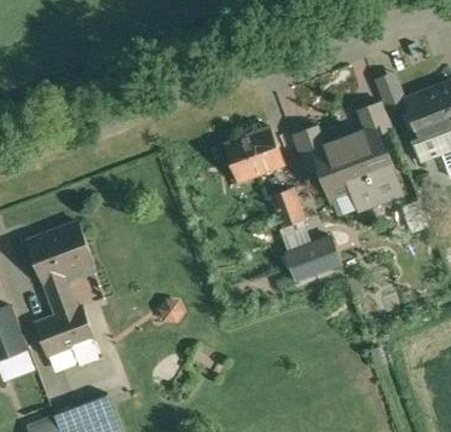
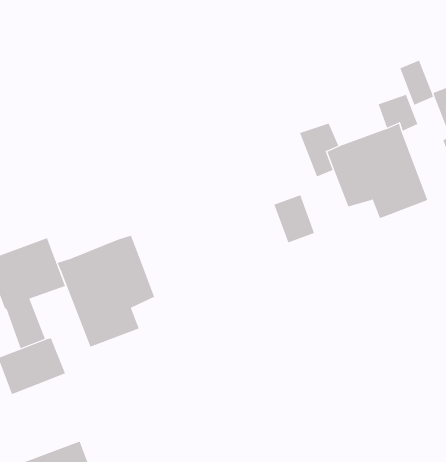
building: [224,127,284,183] -> none
building: none -> [57,235,155,348]
building: [287,236,340,281] -> none

